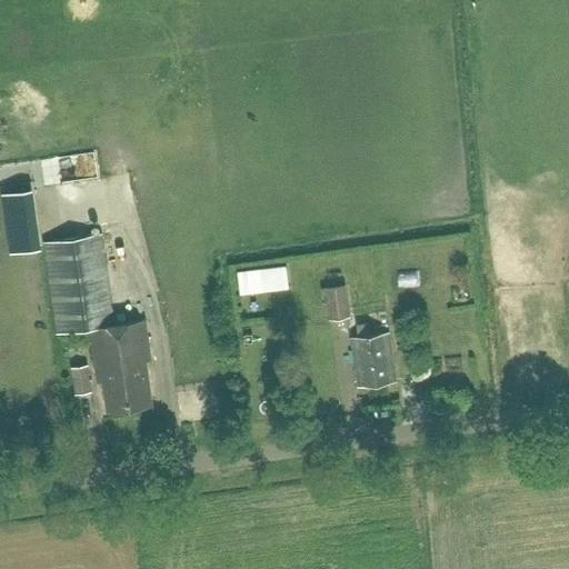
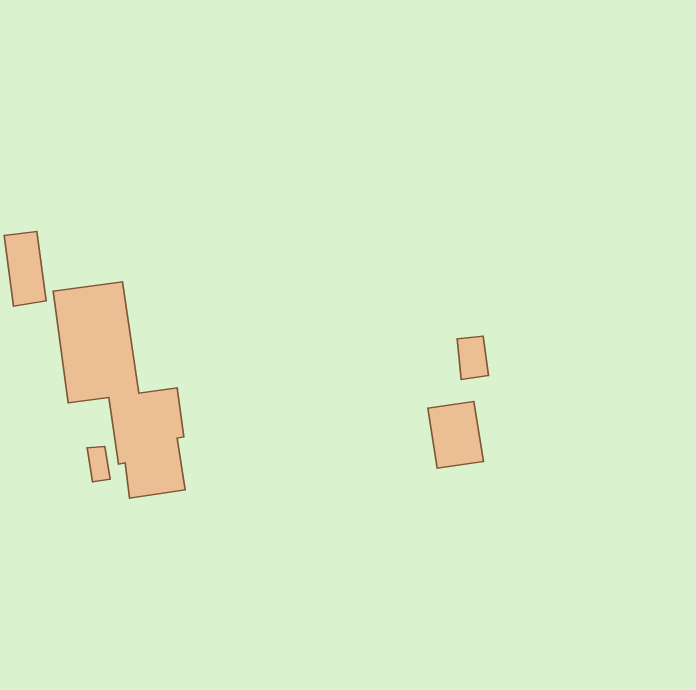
building: [237,268,288,298] -> none
building: [323,286,349,321] -> [457,336,489,380]

